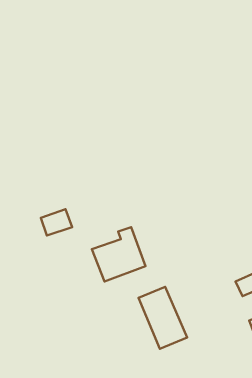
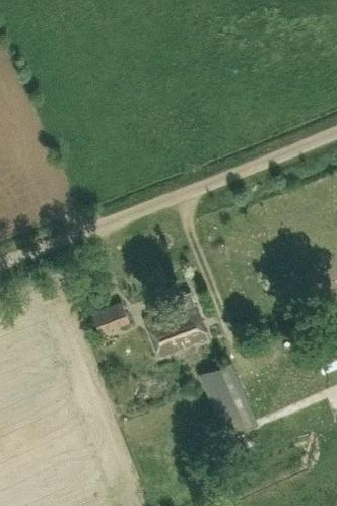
building: [41,209,72,236] -> [92,305,130,336]

